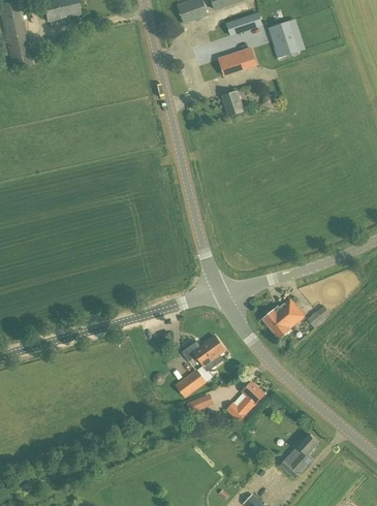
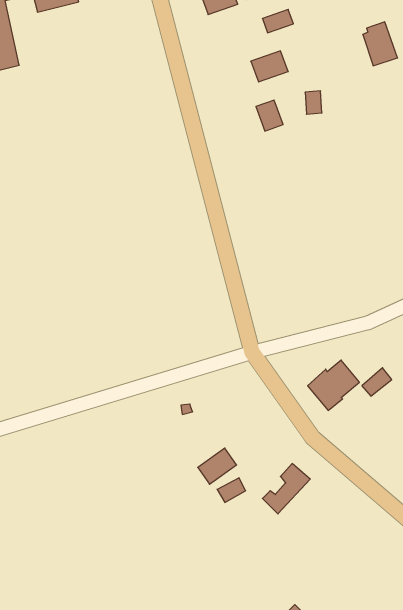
building: [271,23,299,58] -> [363,22,398,66]
building: [183,335,226,370] -> none
building: [285,433,317,476] -> none

